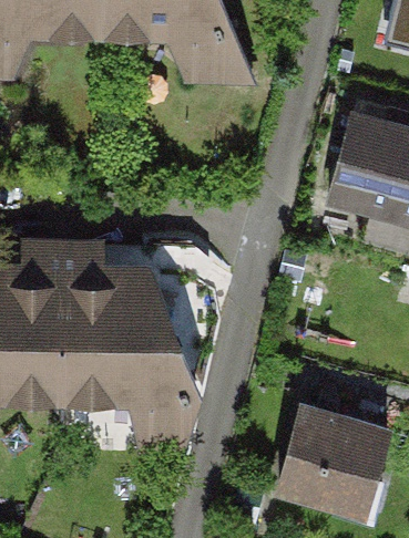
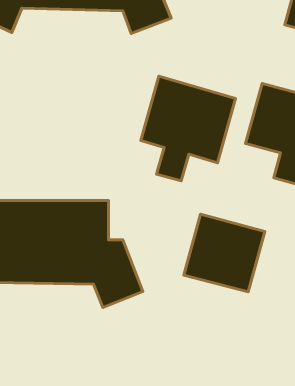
building: none -> [141,76,235,181]
building: [280,405,388,508] -> [184,214,265,292]

